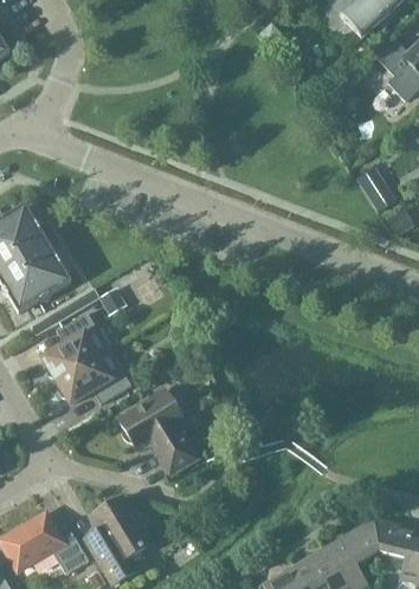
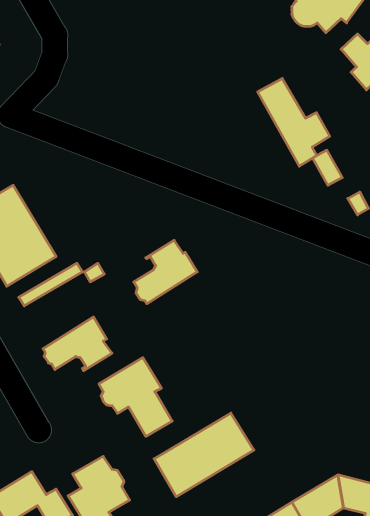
building: none -> [258,78,330,166]
building: [43,312,111,381] -> [134,240,197,304]
building: none -> [154,413,254,497]

